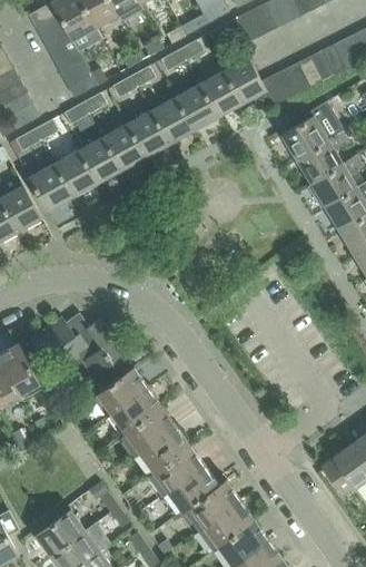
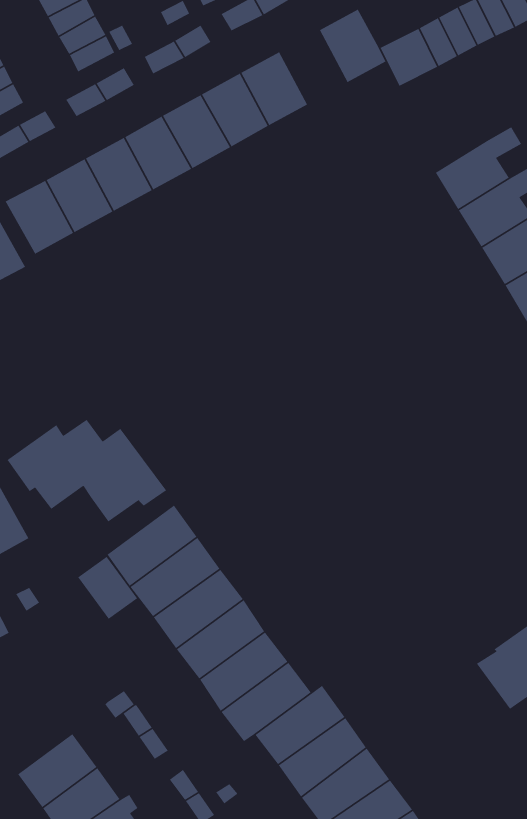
building: [198,70,240,117] -> none
building: [280,101,344,159] -> none
building: none -> [77,556,138,620]

